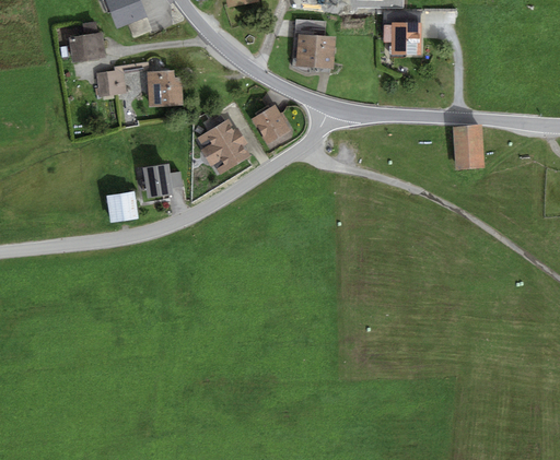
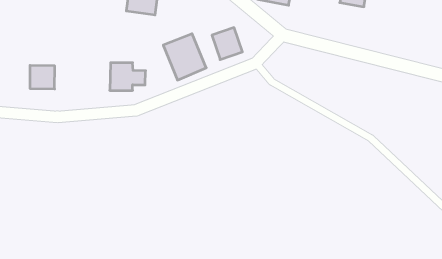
building: [454,126,485,167] -> none
building: [106,191,139,222] -> [30,65,55,89]

